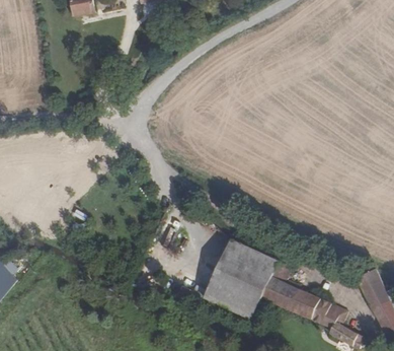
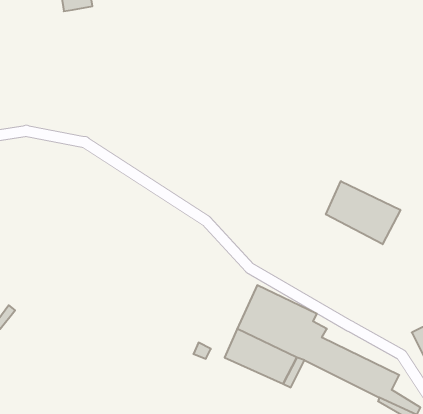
building: none -> [326,181,400,244]

